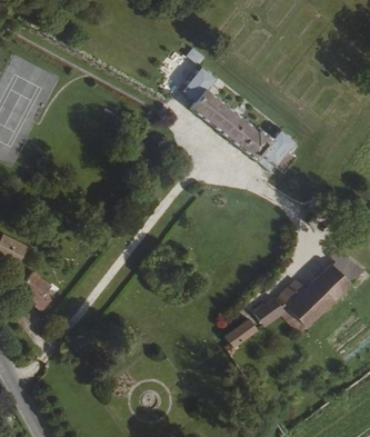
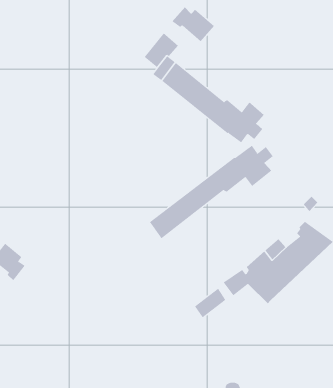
building: none -> [171,7,215,42]
building: none -> [149,145,274,239]

